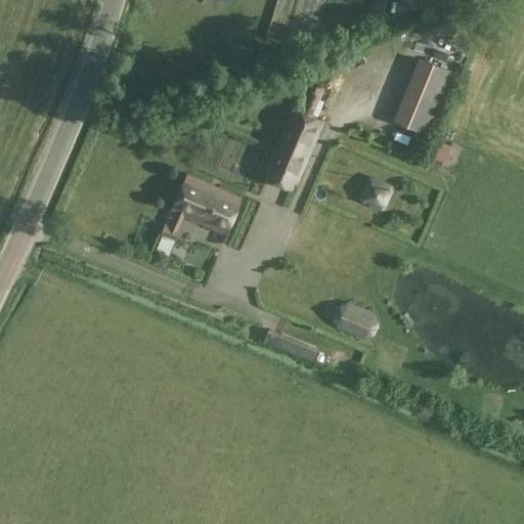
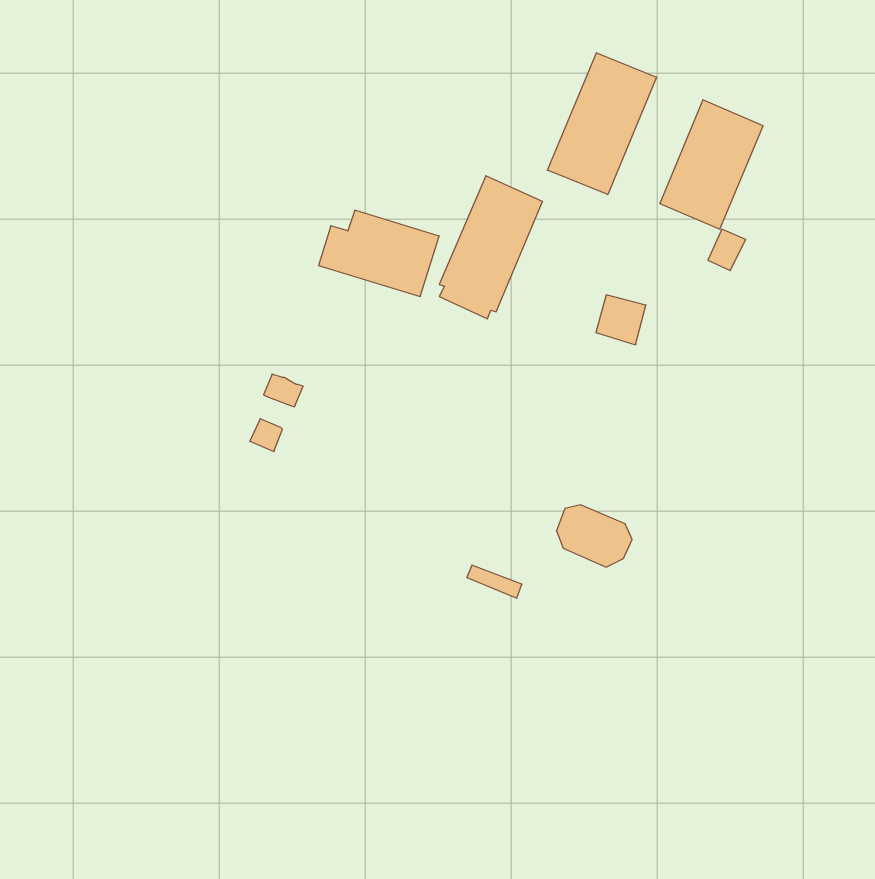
building: none -> [547,53,657,195]
building: [169,175,237,234] -> none

